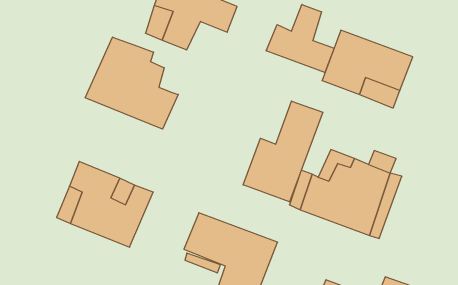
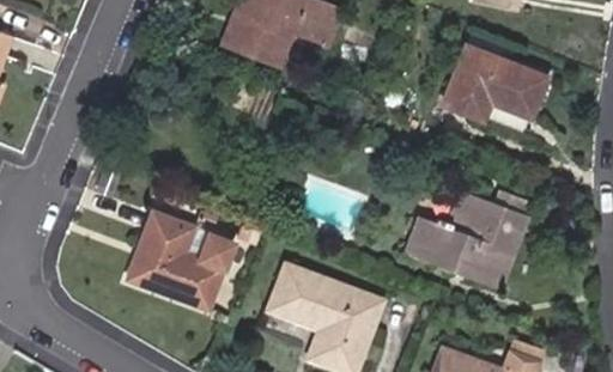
building: [266,4,334,73] -> none
building: [85,37,178,129] -> none
building: [243,101,323,202] -> none

